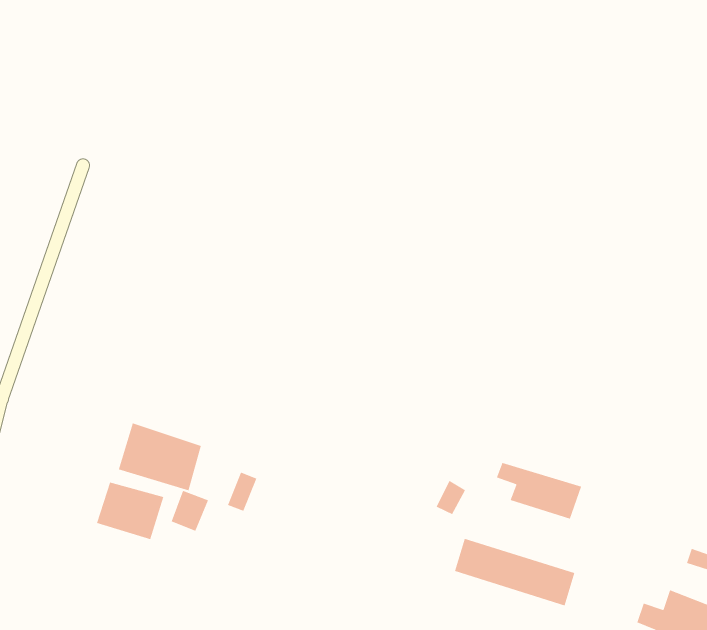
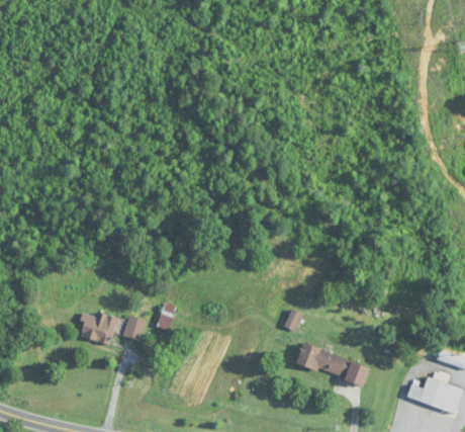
building: [118,423,202,491] -> none
building: [496,462,582,519] -> none

